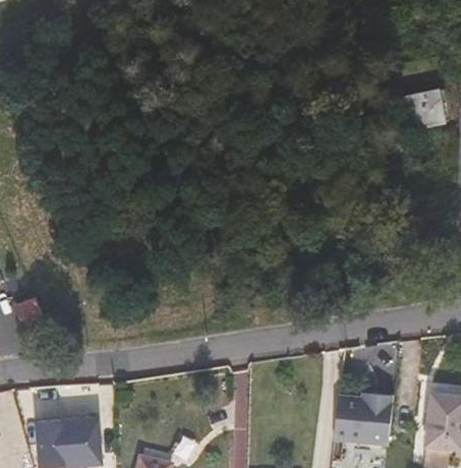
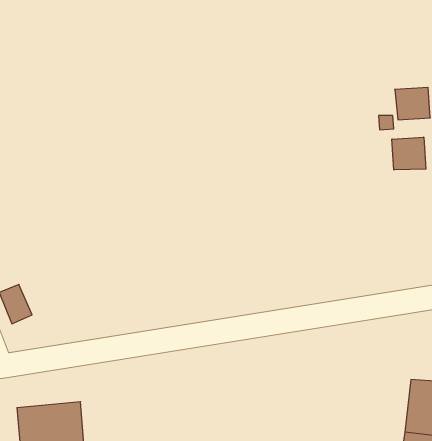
building: none -> [392,137,426,170]
building: [332,395,392,446] -> none

